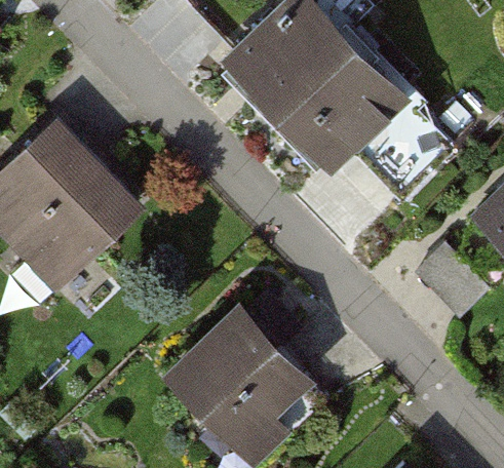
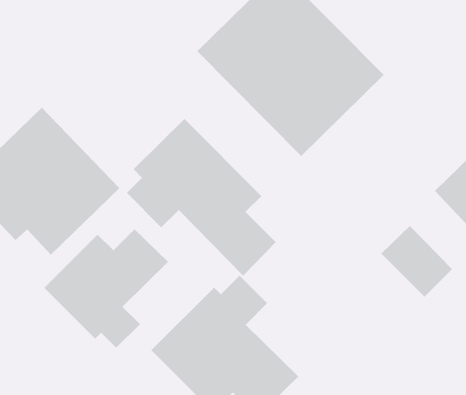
building: none -> [126,118,276,276]
building: none -> [43,229,169,349]

